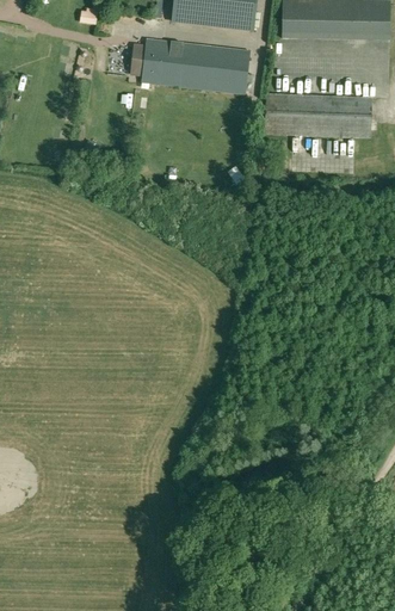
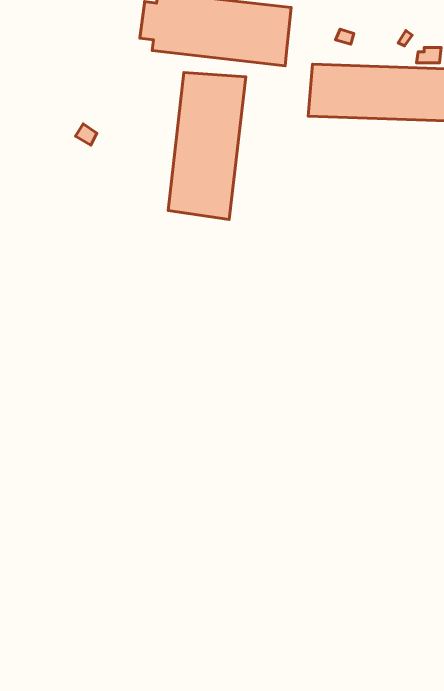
building: none -> [168,73,246,219]

